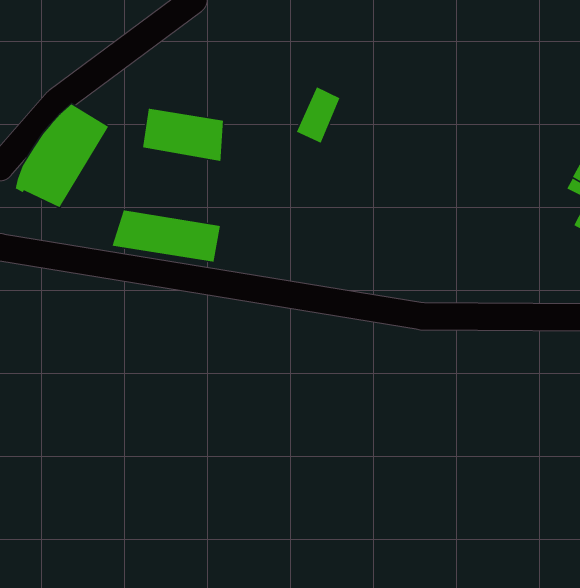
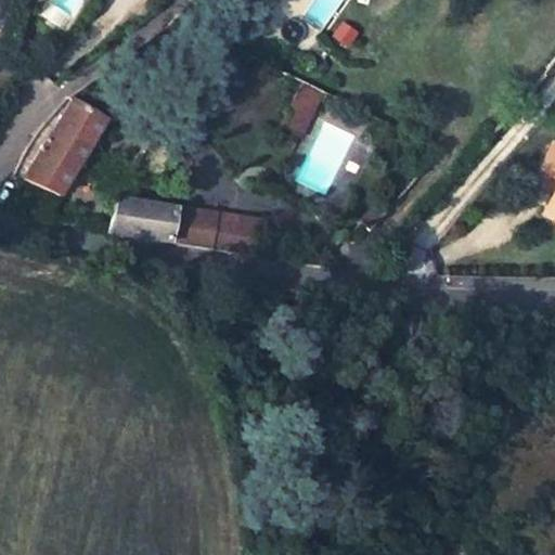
building: [142,108,224,162] -> none
building: none -> [209,212,263,255]

